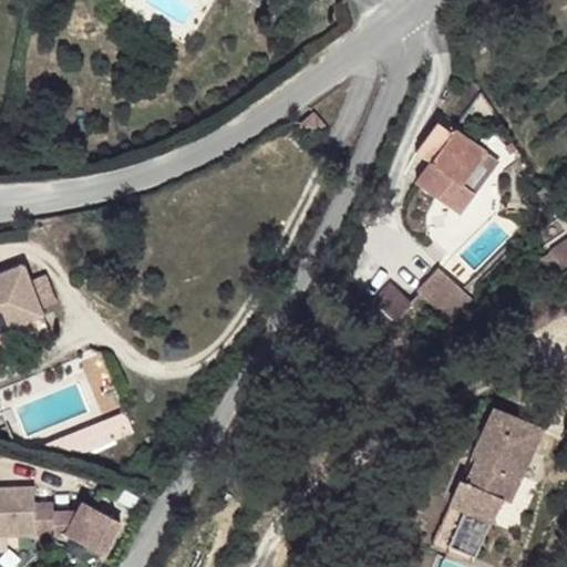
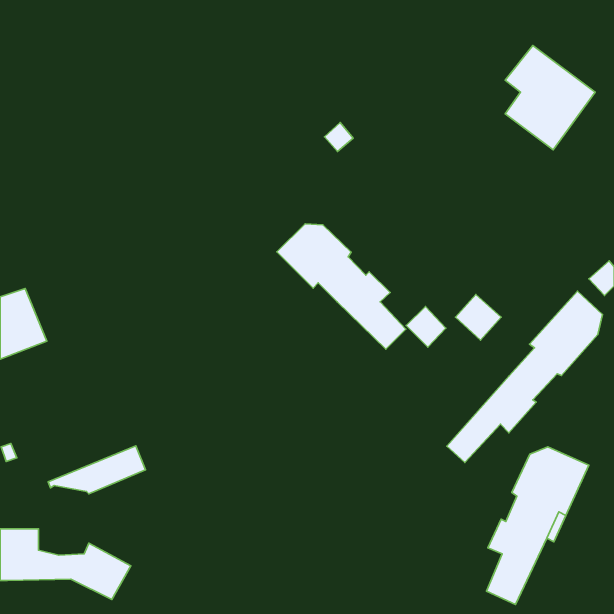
building: [415,117,498,214] -> [505,45,595,150]
building: none -> [277,224,406,349]
building: none -> [447,291,602,462]

